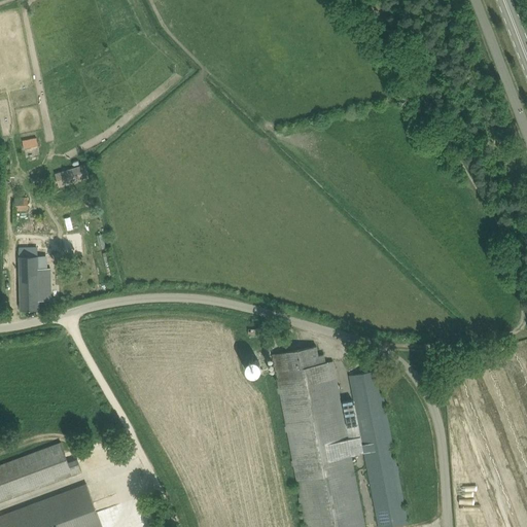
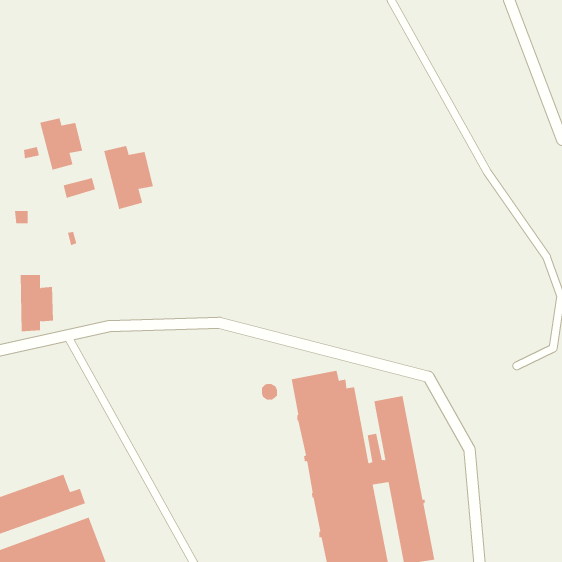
building: none -> [39,117,83,171]
building: none -> [103,145,153,210]

